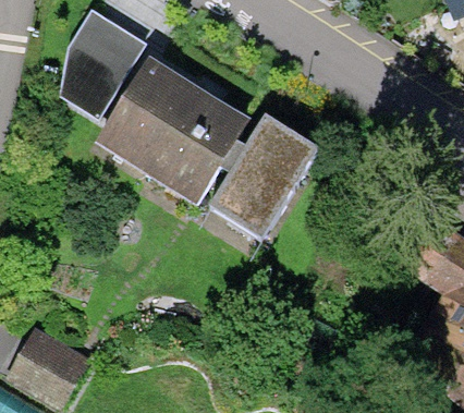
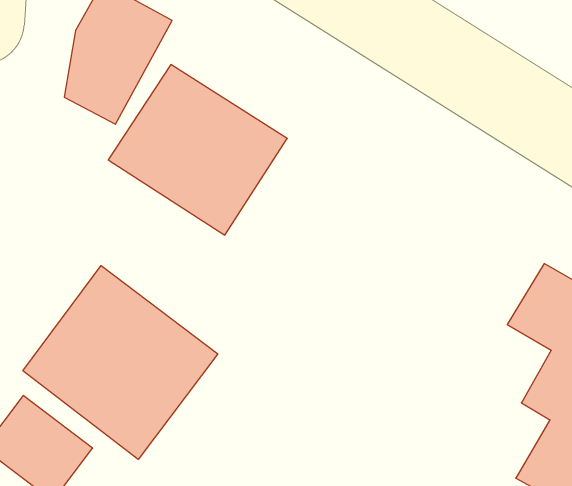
building: [219,118,323,236] -> none
building: none -> [23,266,218,459]

